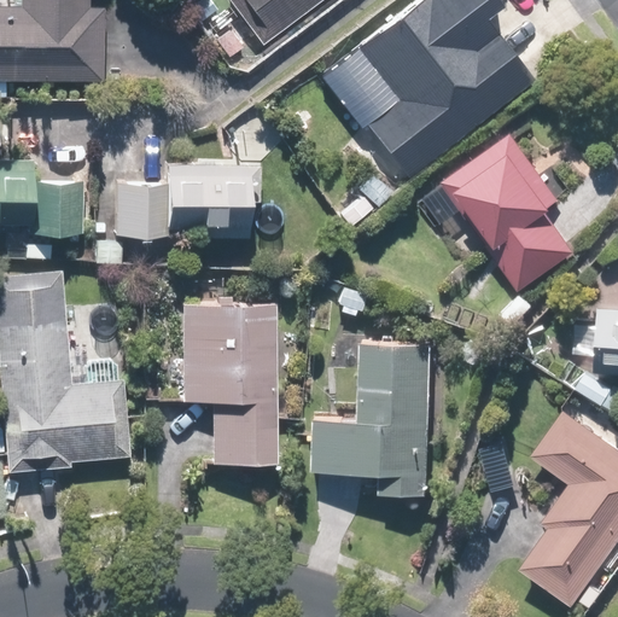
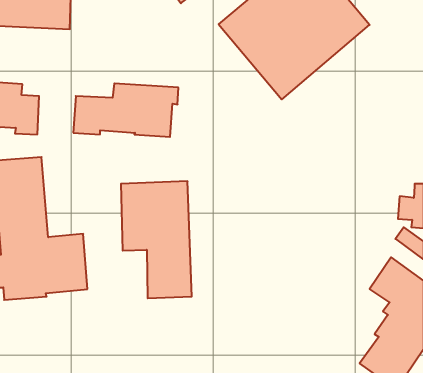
building: [443,130,575,291] -> none
building: [310,344,432,495] -> none

